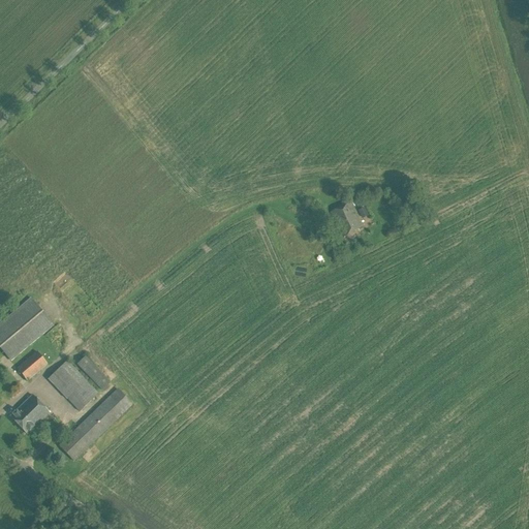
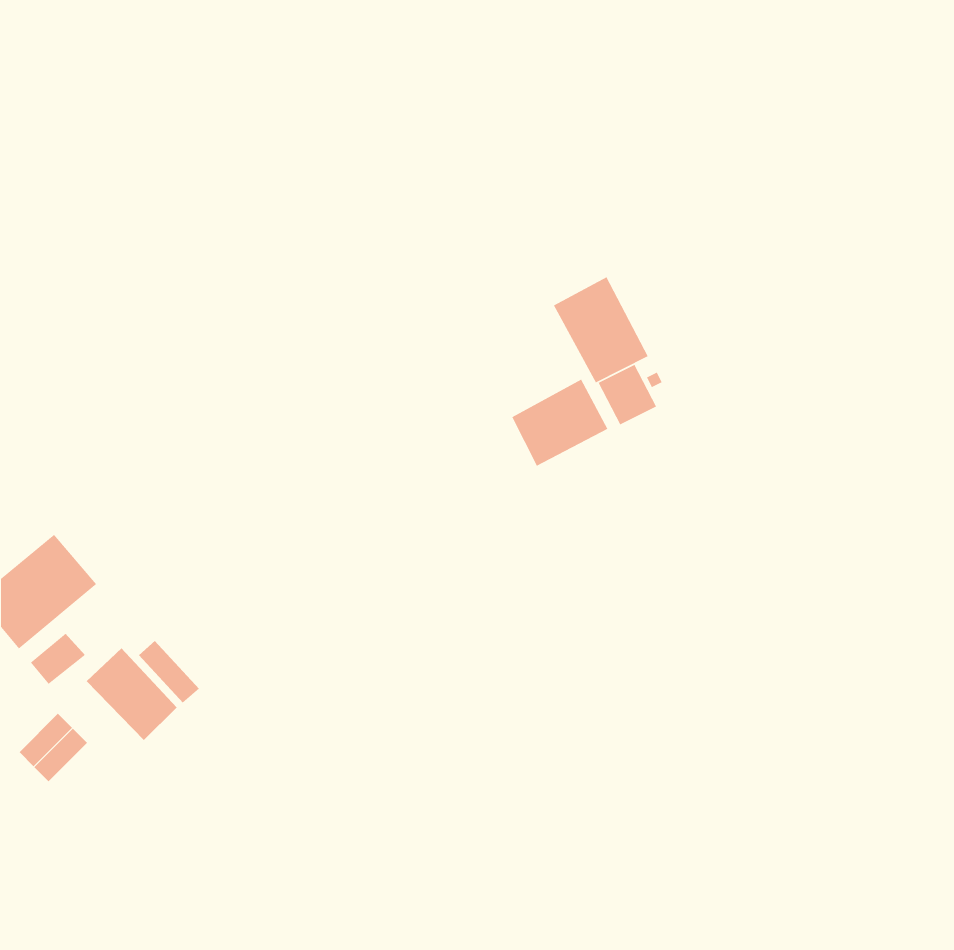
building: none -> [553,276,649,384]
building: none -> [511,378,608,467]
building: [59,387,132,460] -> none

